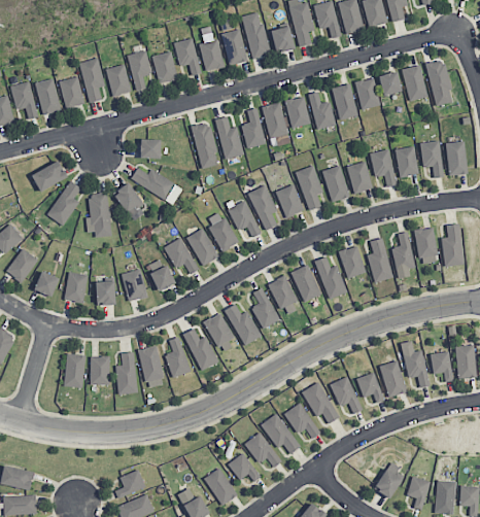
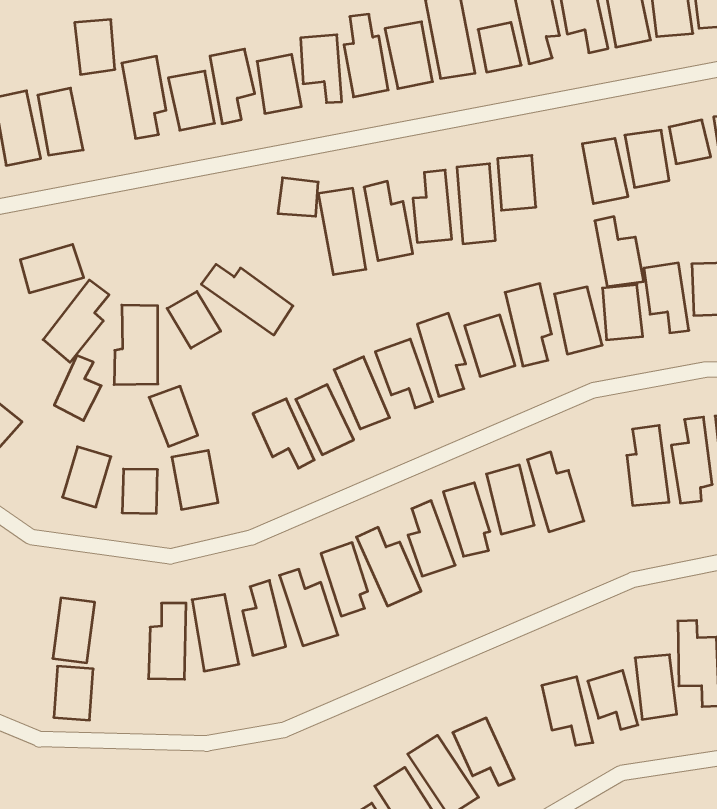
building: [60,76,83,107] -> [75,20,115,74]
building: [308,91,337,129] -> [595,217,644,287]
building: [140,138,161,158] -> [278,178,318,216]
building: [339,245,366,278] -> none
building: [146,257,174,290] -> [149,386,198,446]
building: [35,262,60,297] -> [54,355,101,421]
building: [91,356,110,384] -> [54,666,93,720]
building: [302,381,339,423] -> none

